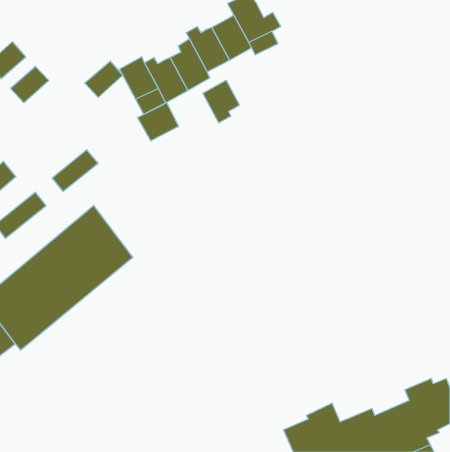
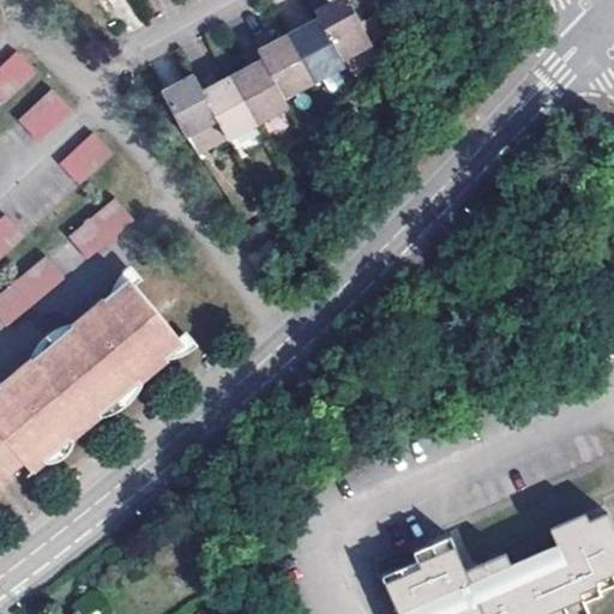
building: [85,61,123,97] -> [59,139,110,188]
building: [203,80,240,123] -> none
building: [137,102,179,141] -> none

